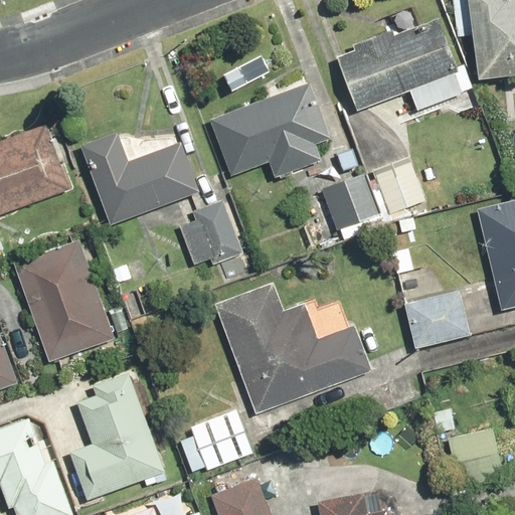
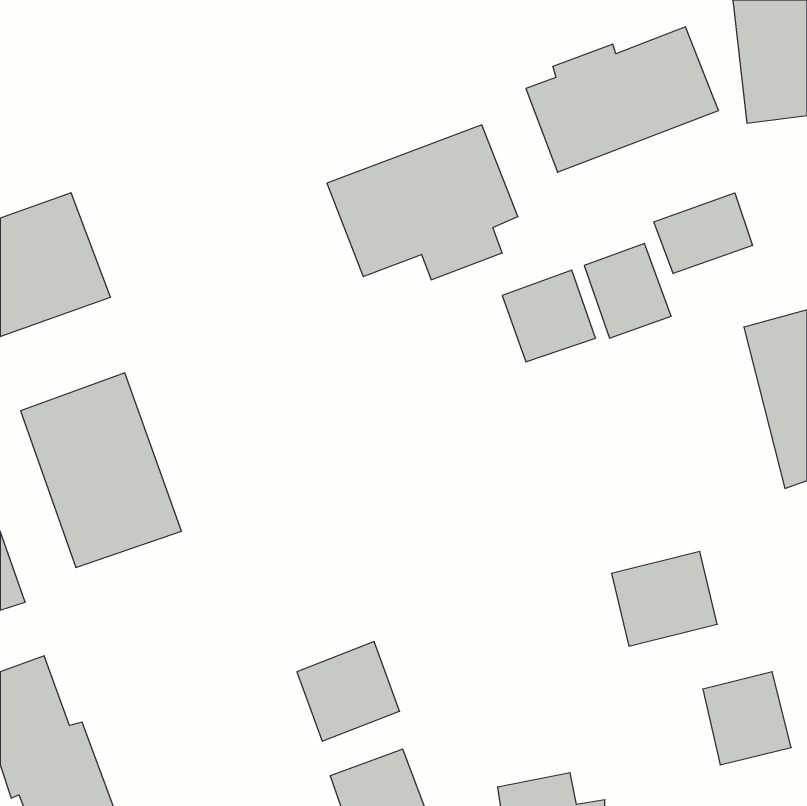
building: none -> [654,193,752,274]
building: [77,133,200,226] -> none
building: [179,200,243,267] -> none
building: [213,282,373,415] -> none
building: [402,290,470,350] -> [611,552,717,646]
building: [68,374,164,501] -> none

